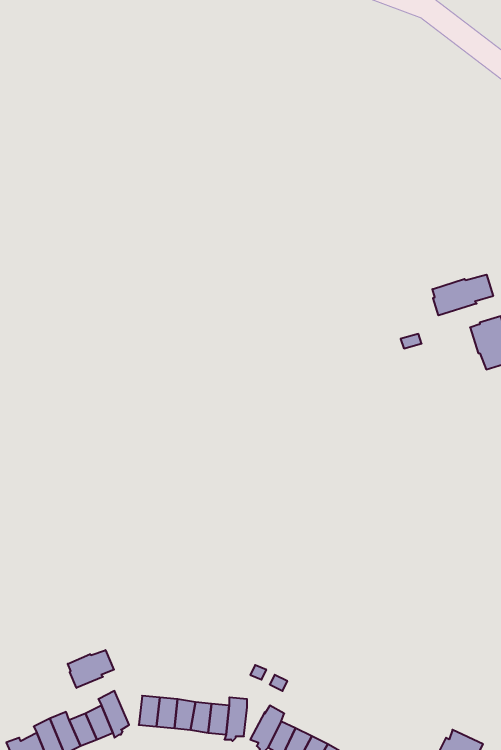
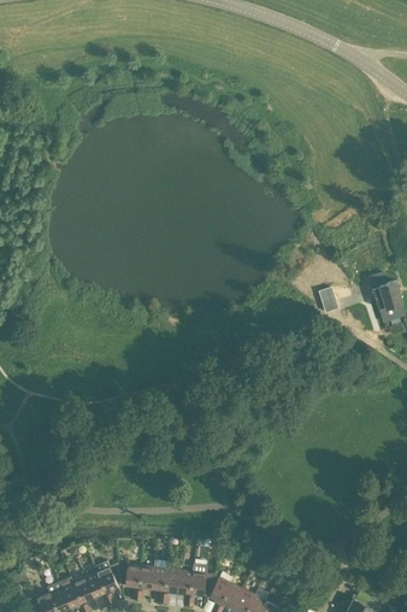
building: [432,275,493,315] -> none
building: [68,650,114,688] -> none

